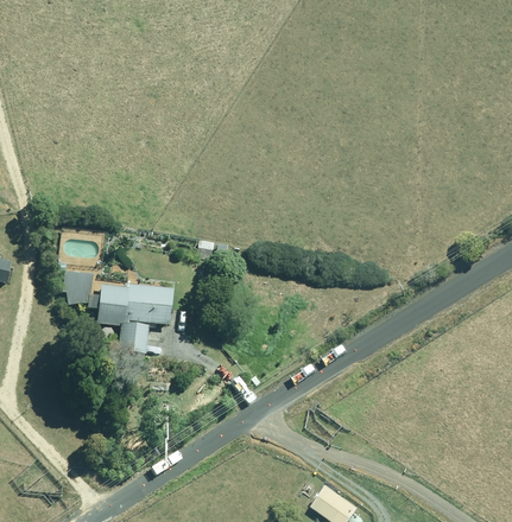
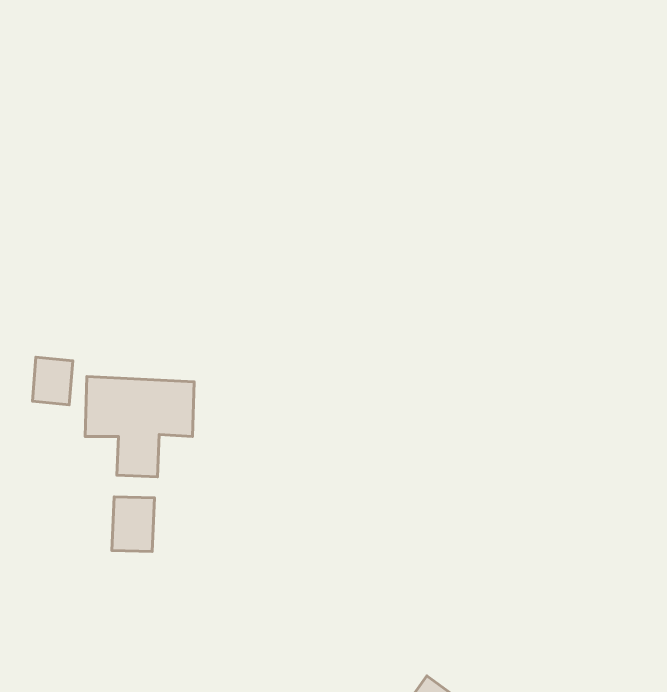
building: none -> [112,497,154,552]

